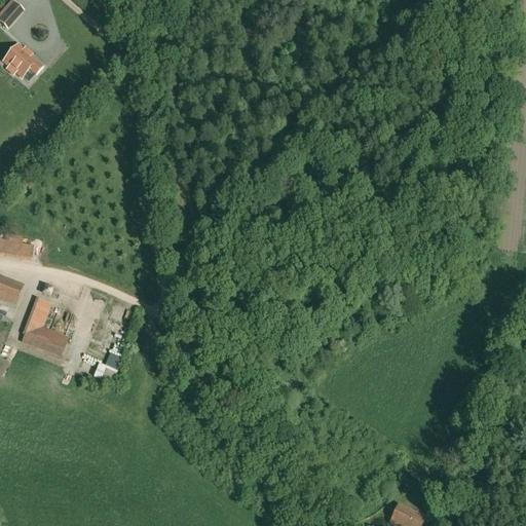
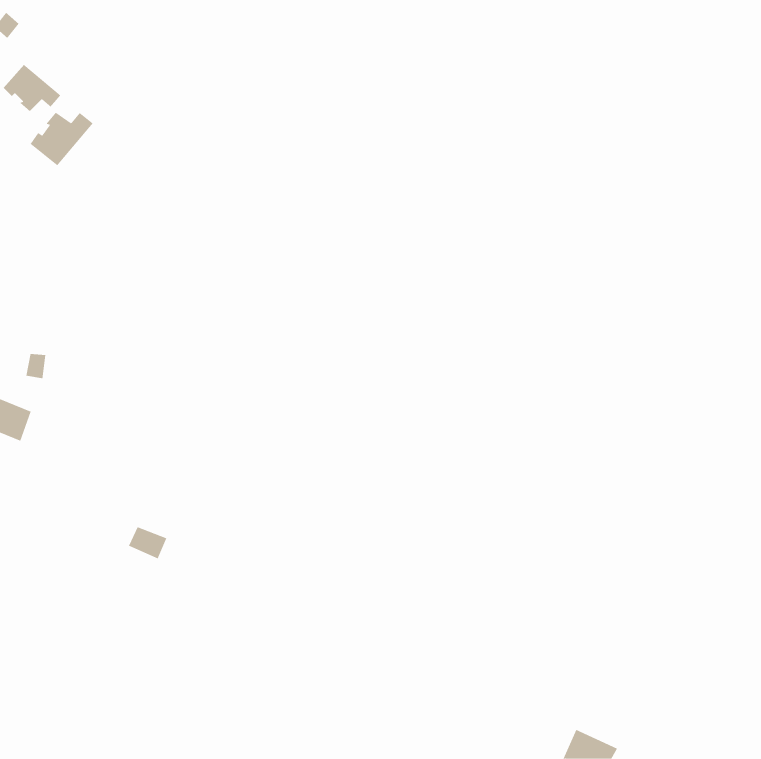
building: none -> [30,112,93,166]
building: [22,299,67,356] -> none

